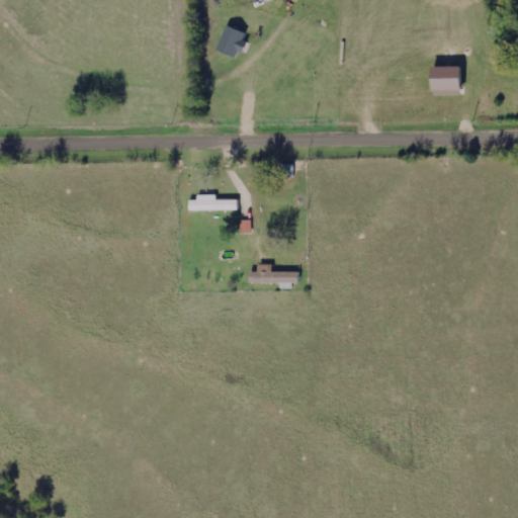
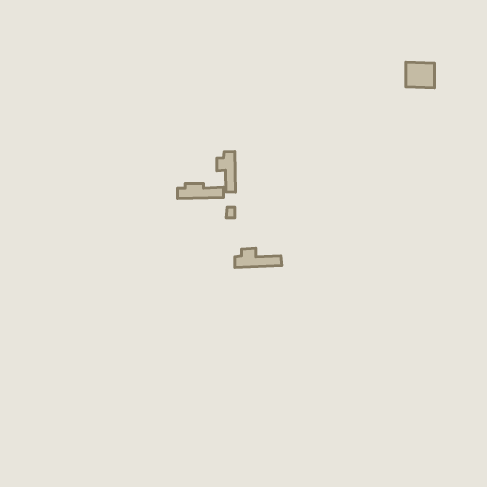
building: [217,25,246,58] -> none
building: none -> [217,151,236,192]

